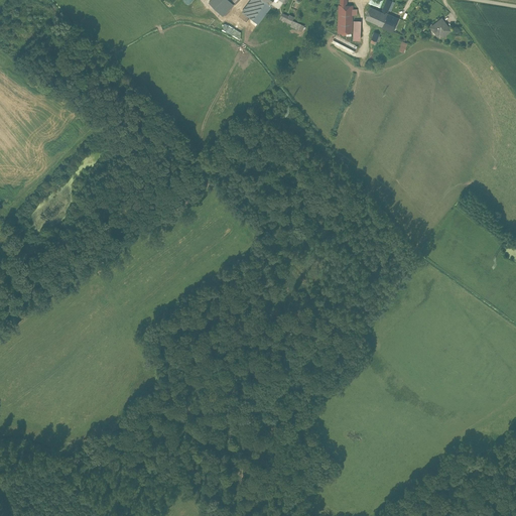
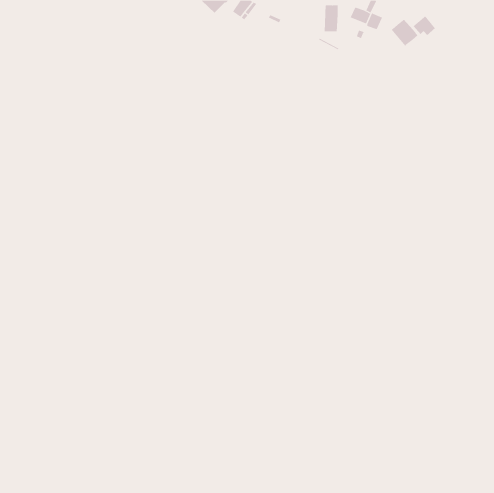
building: none -> [391,19,418,46]

